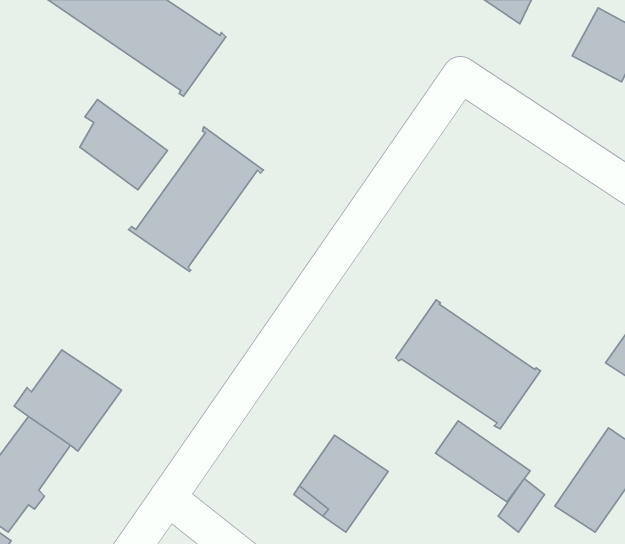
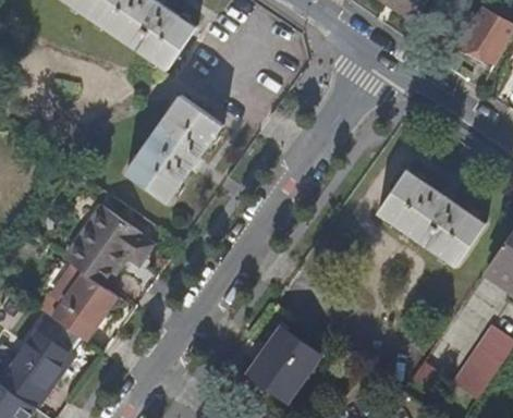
building: [80,99,167,190] -> none
building: none -> [68,206,156,284]
building: [396,300,541,429] -> [377,173,486,270]
building: [435,421,530,502] -> none

